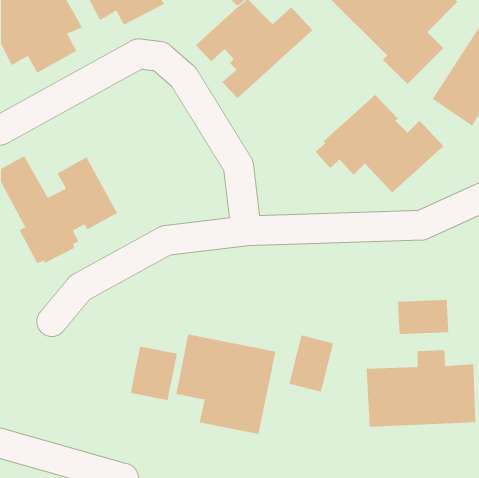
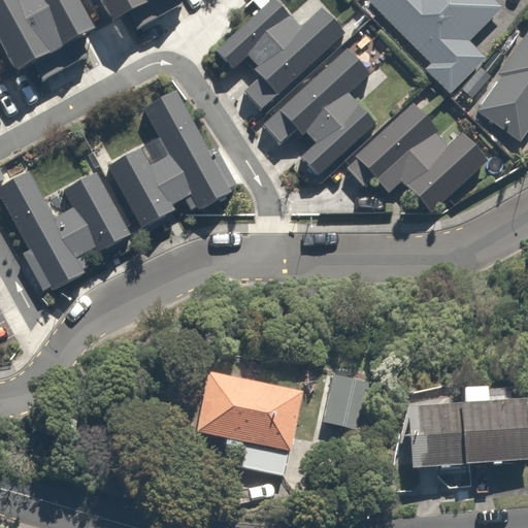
building: none -> [265,47,376,174]
building: none -> [108,90,237,228]
building: [398,299,449,335] -> none
building: [130,346,178,401] -> none

